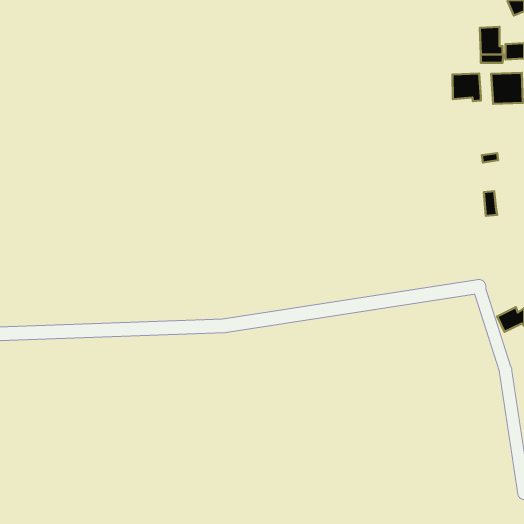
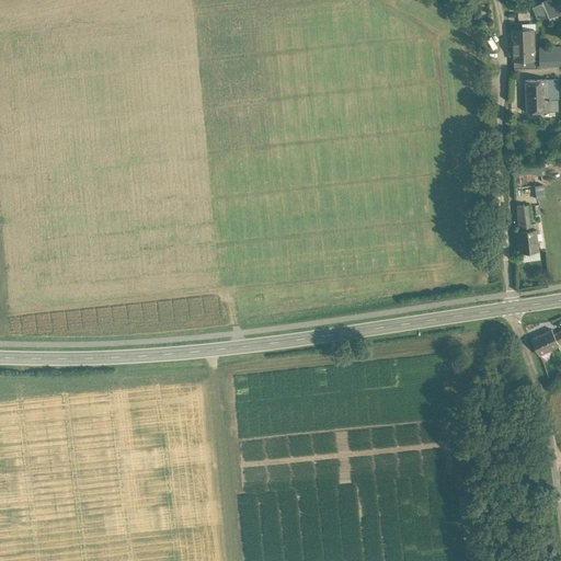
building: [452,73,481,101] -> none
building: none -> [518,224,540,253]

